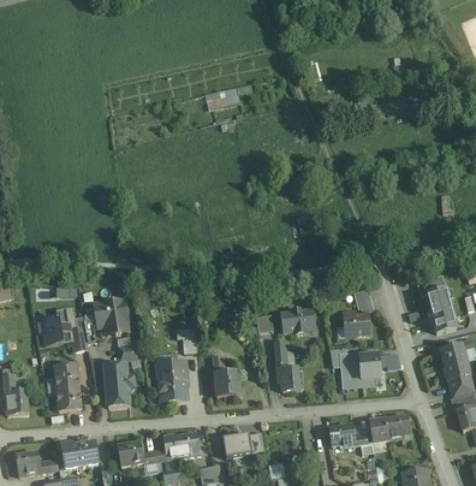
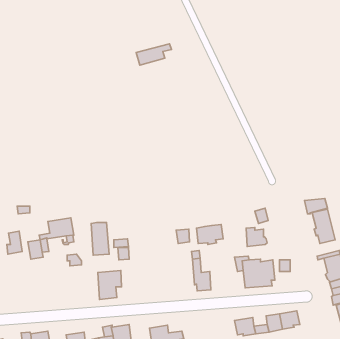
building: [213,355,239,397] -> none
building: [105,364,127,405] -> [91,223,109,255]
building: [54,367,79,410] -> none

